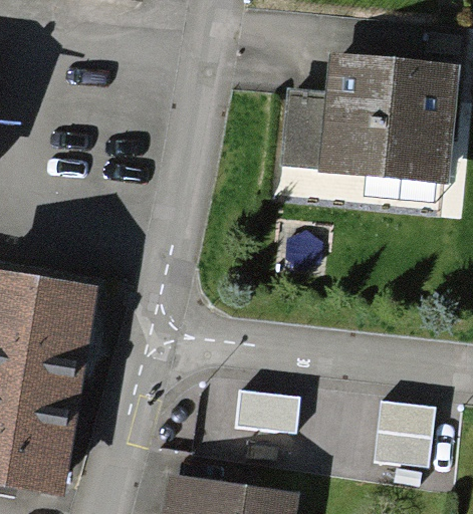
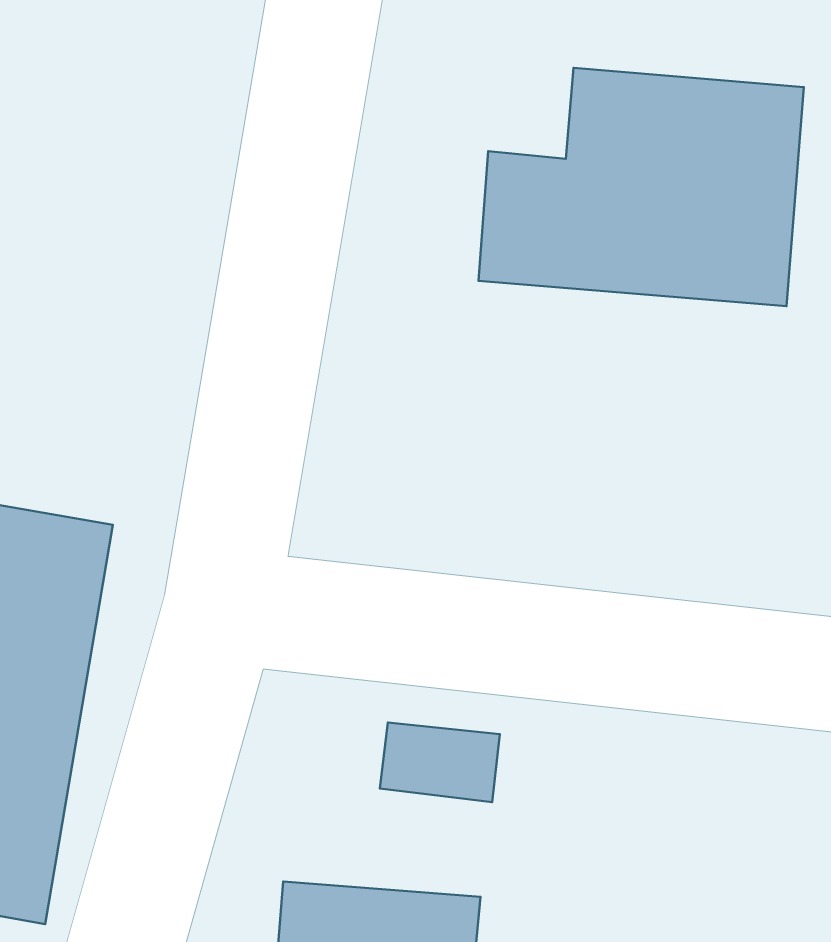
building: [374,403,432,467] -> none

